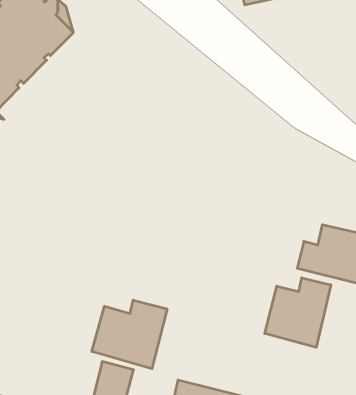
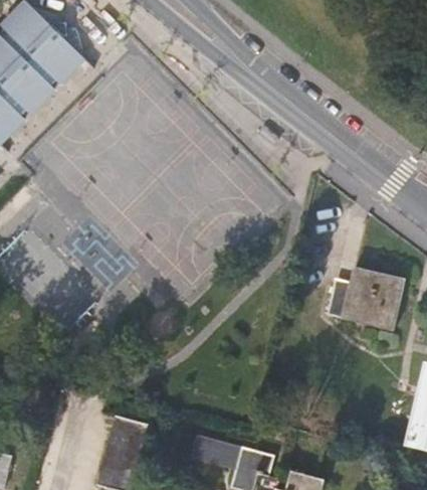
building: [265,278,331,347] -> none
building: [92,300,167,369] -> none

